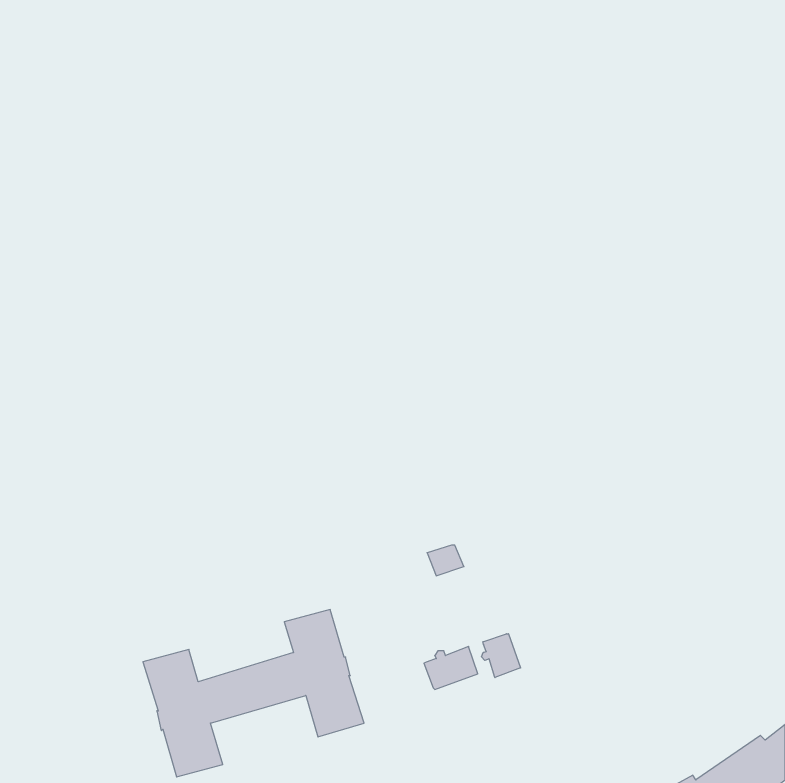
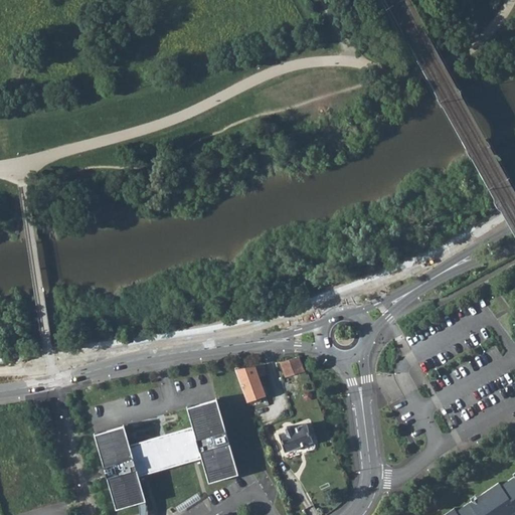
building: none -> [234,365,266,403]
building: [481,634,521,678] -> none

